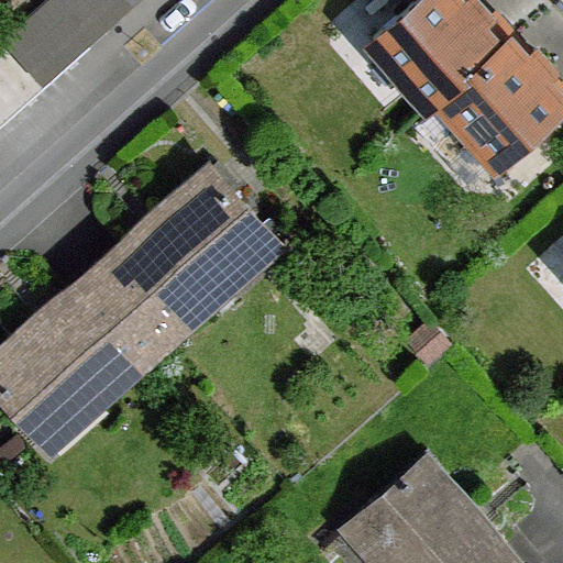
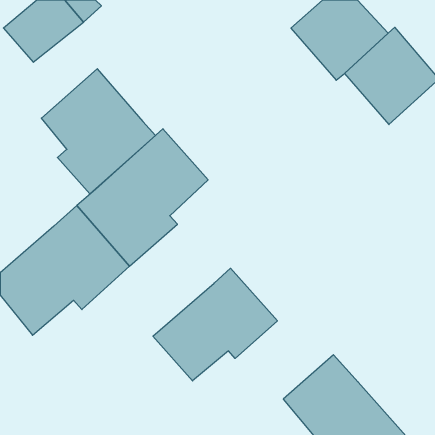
building: none -> [41,69,156,194]
building: none -> [153,268,277,381]

